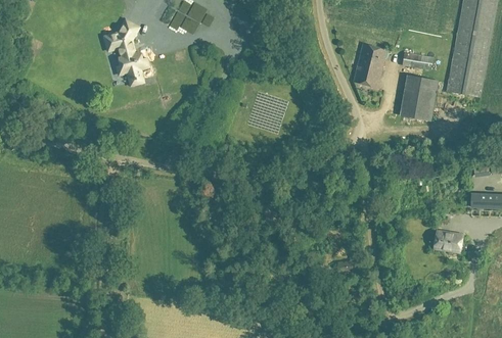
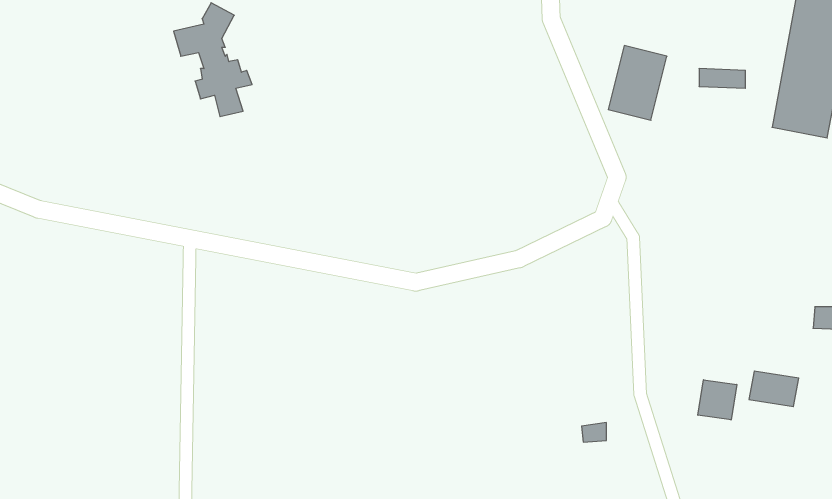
building: [400,76,438,120] -> none
building: none -> [698,380,737,420]

